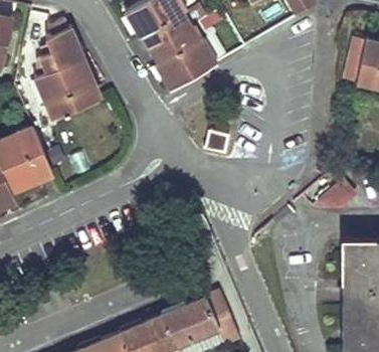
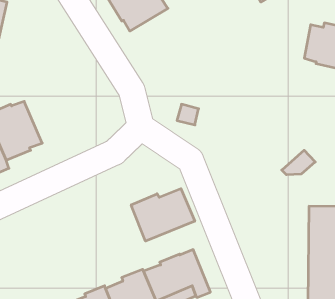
building: [33,18,100,119] -> none
building: [150,23,218,89] -> none
building: none -> [131,189,195,241]

